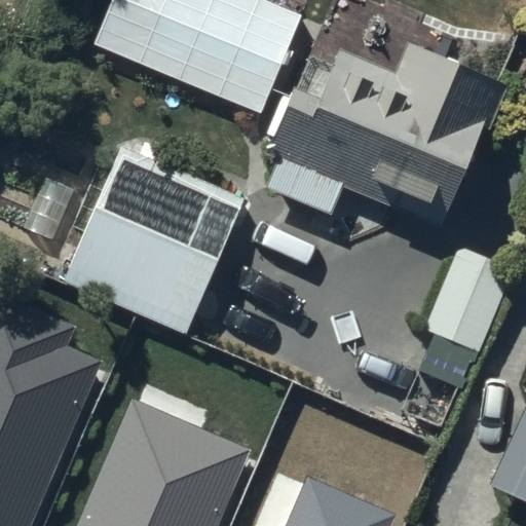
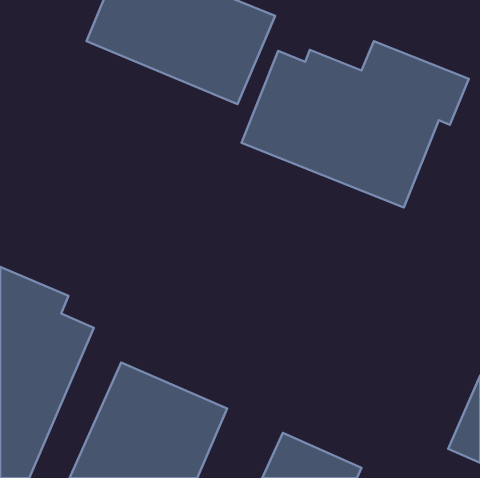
building: [64,151,249,340] -> none
building: [419,251,512,380] -> none

